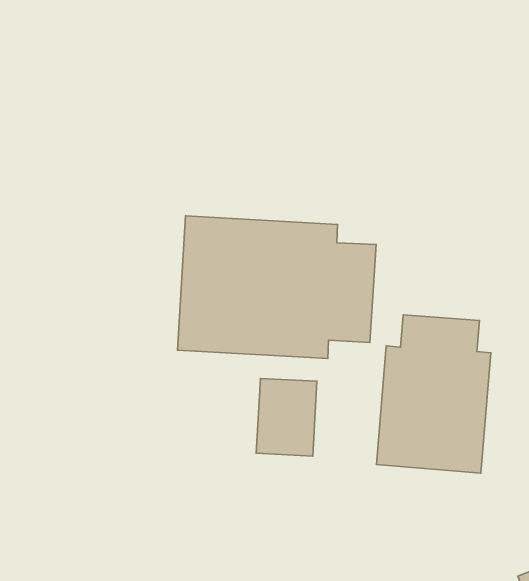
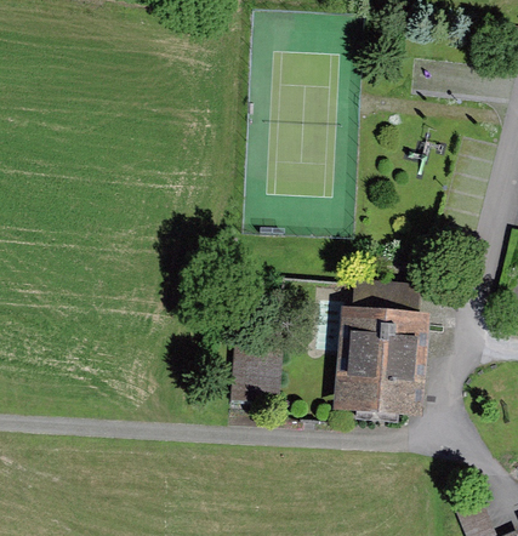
building: [178,216,376,358] -> none

